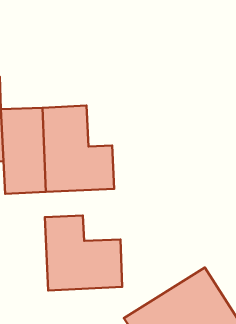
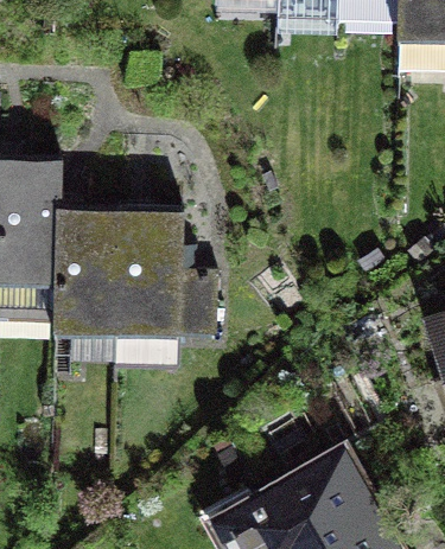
building: [45,216,122,291] -> none

